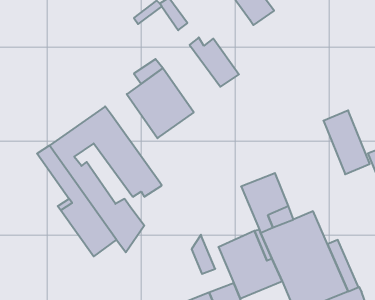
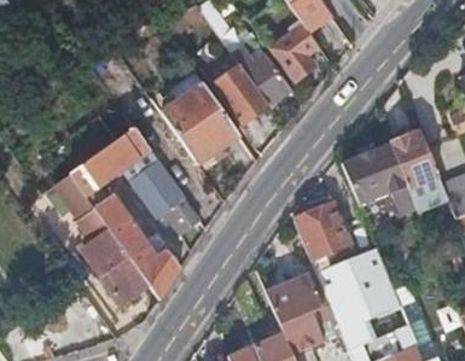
building: none -> [271,25,319,81]
building: none -> [202,51,269,126]
building: none -> [342,144,415,214]

